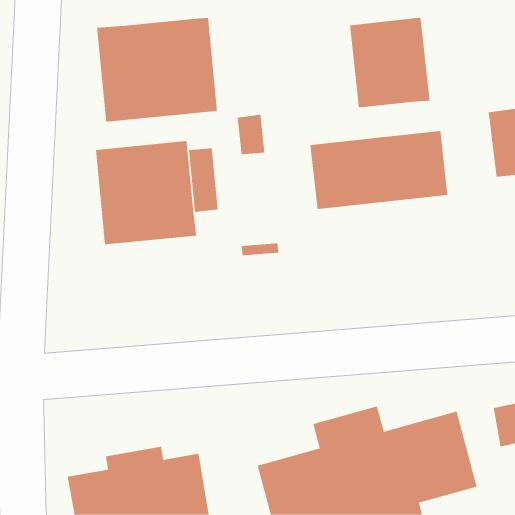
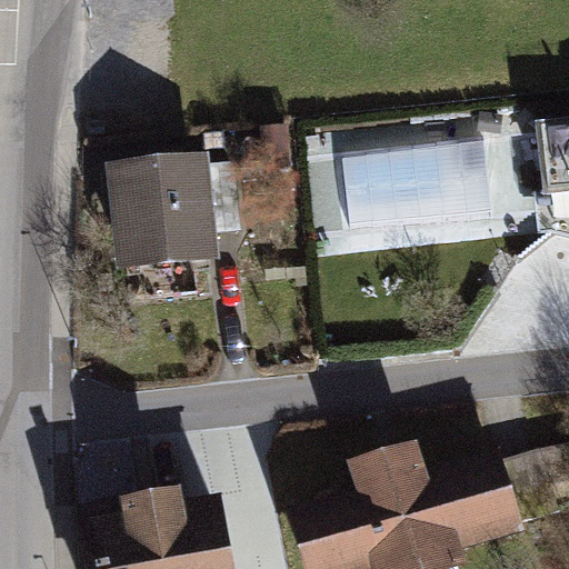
building: [349,17,430,108] -> none
building: [97,17,218,123] -> none

